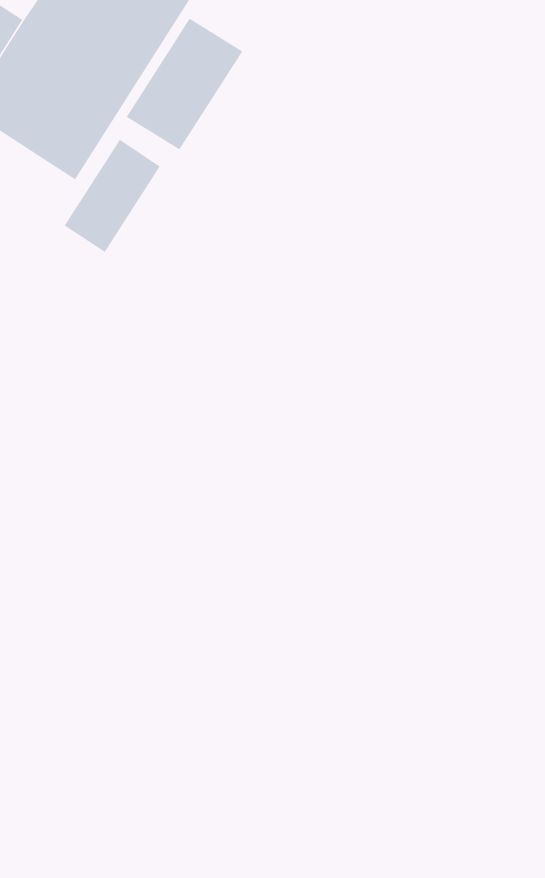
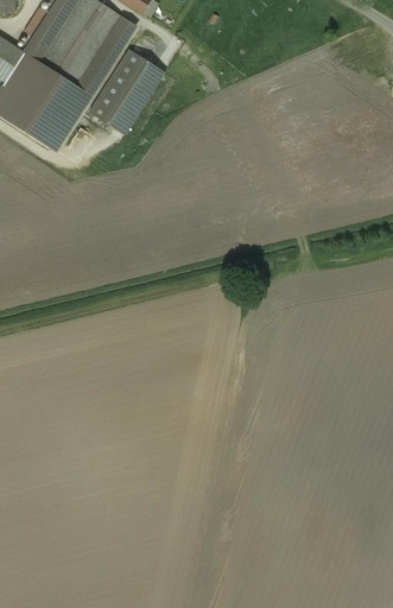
building: [64,139,161,253] -> none

